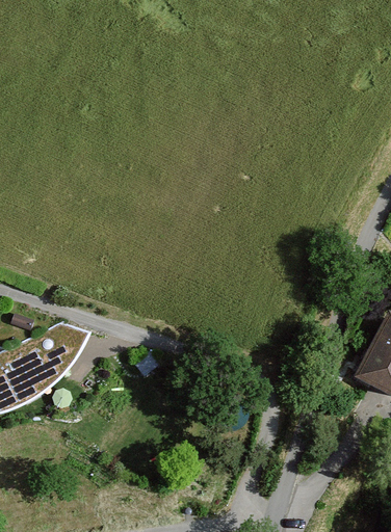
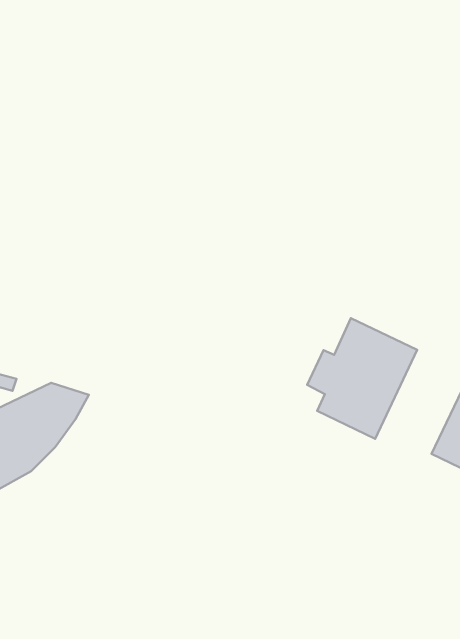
building: none -> [307,318,417,439]

